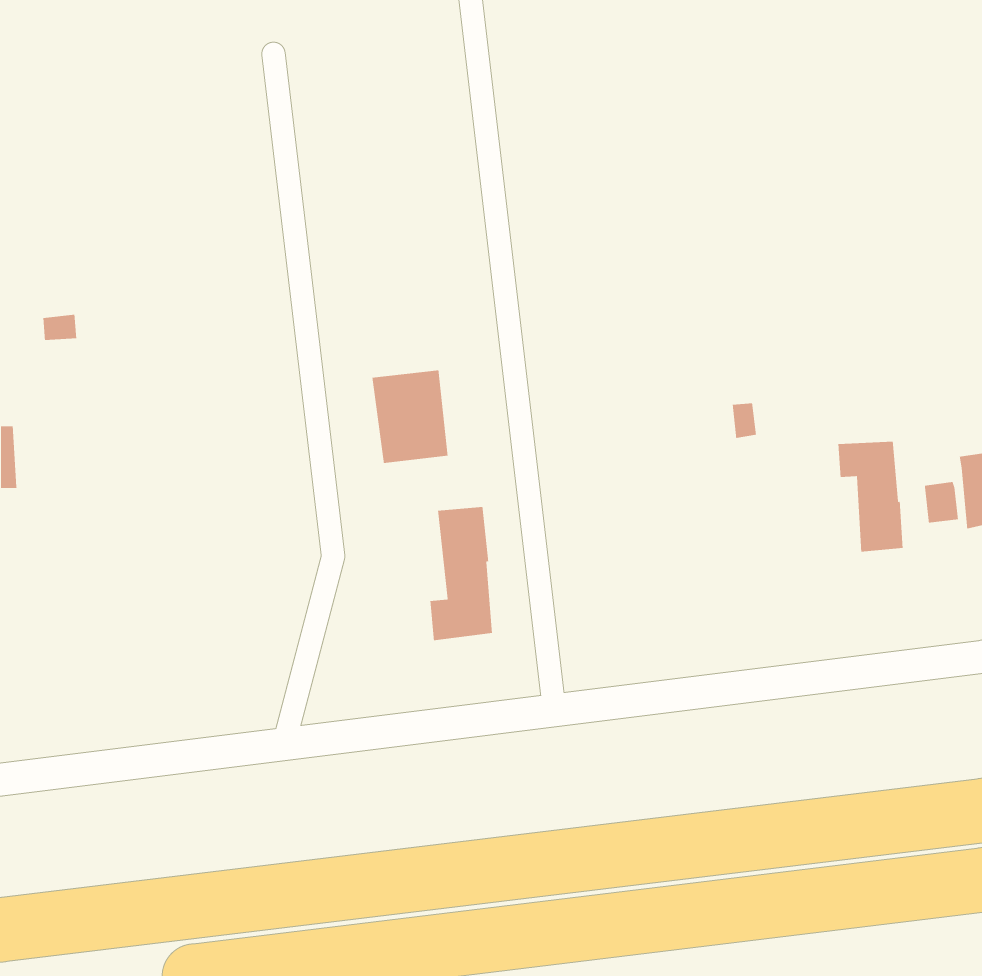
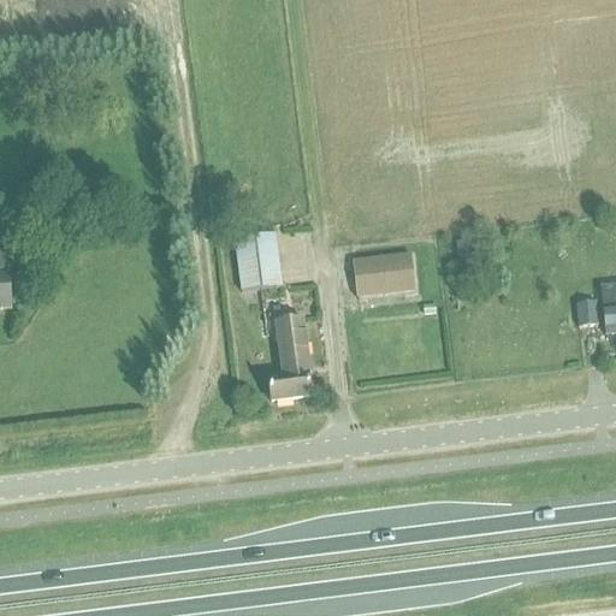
building: none -> [354,251,414,295]
building: [837,441,904,552] -> none

